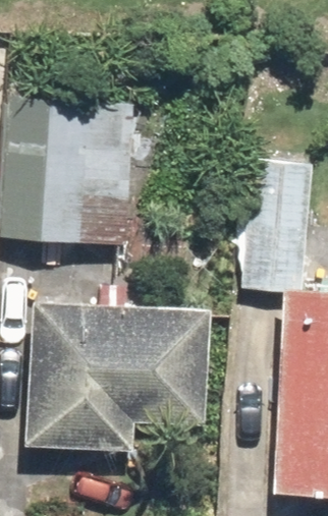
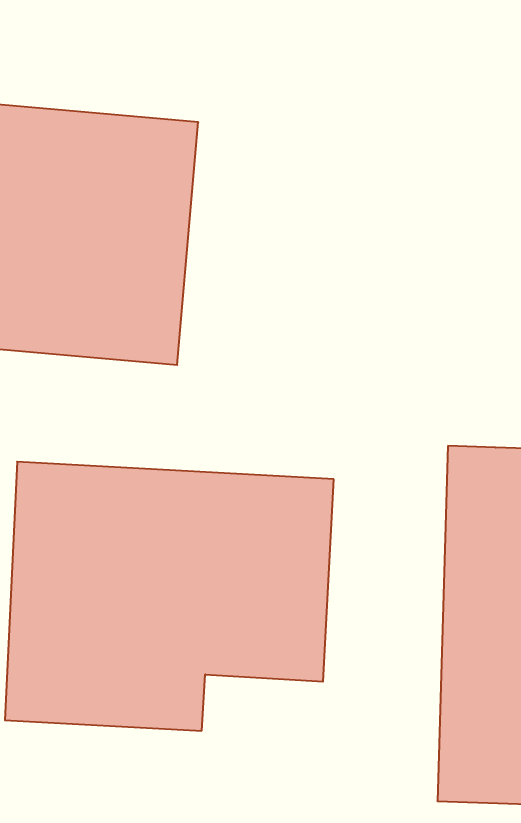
building: [247,157,311,291] -> none

